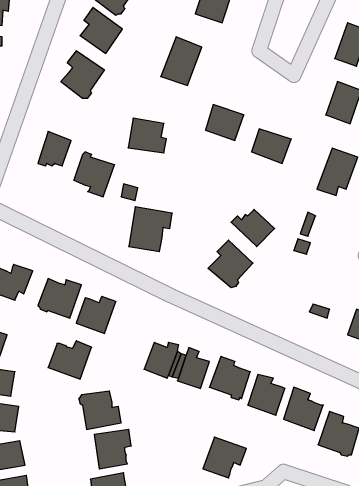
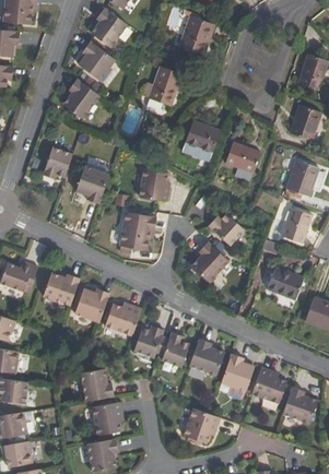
building: [128,118,166,153] -> [137,173,169,202]
building: none -> [280,208,310,242]
building: none -> [266,266,301,296]
building: [48,341,92,379] -> [104,303,141,335]

